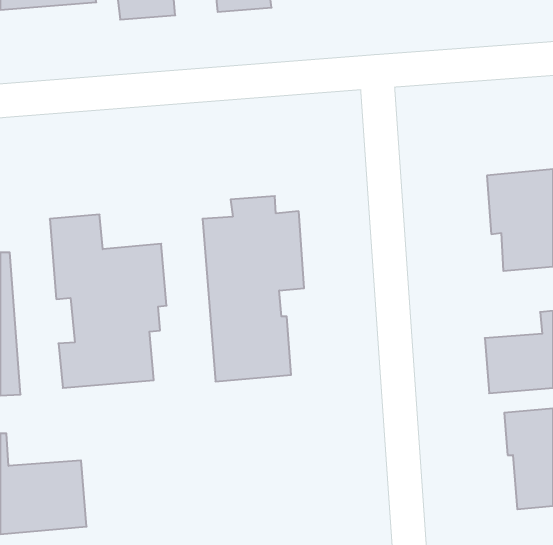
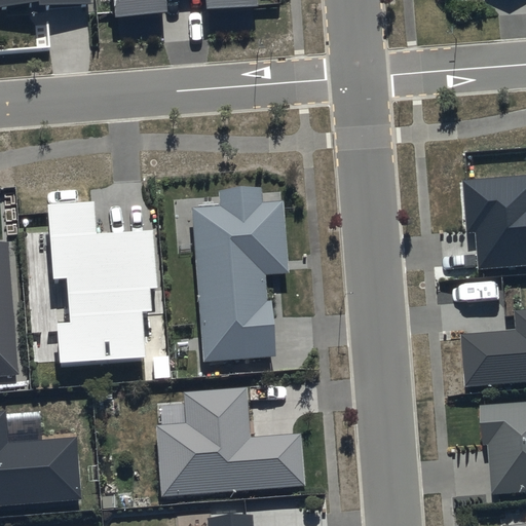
building: none -> [157,387,305,496]

